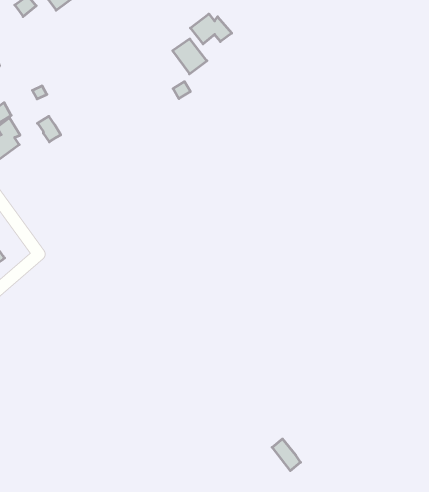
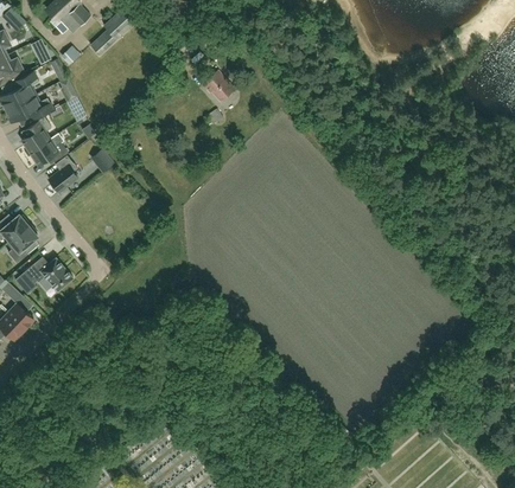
building: [190,14,232,44] -> none

